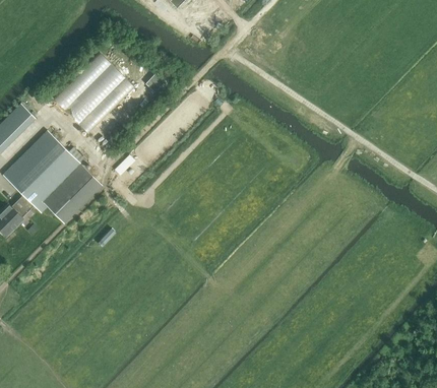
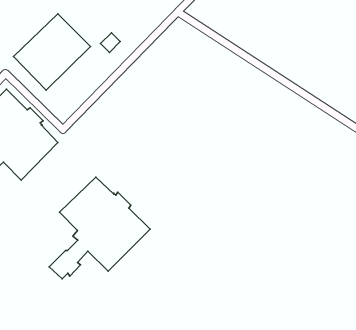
building: none -> [49,177,150,279]

